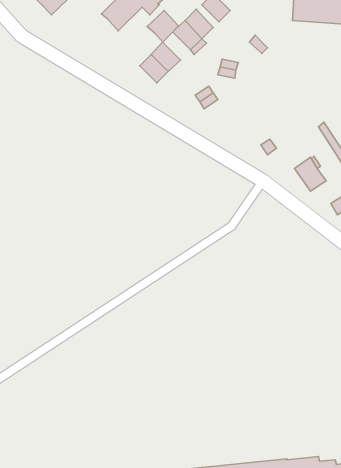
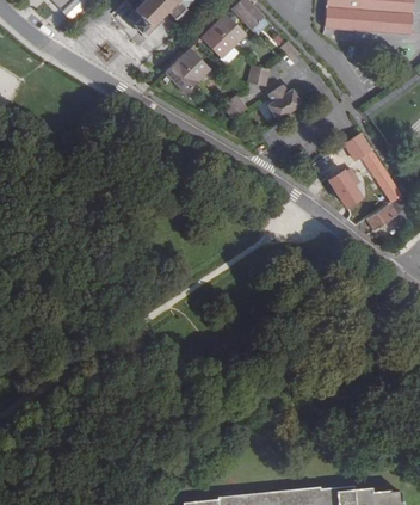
building: [147,10,178,42] -> none
building: none -> [267,85,302,119]

